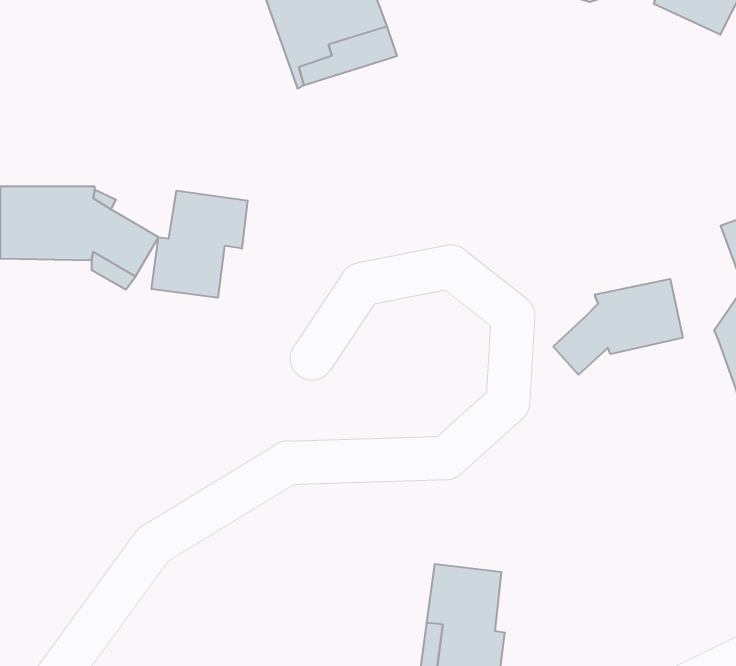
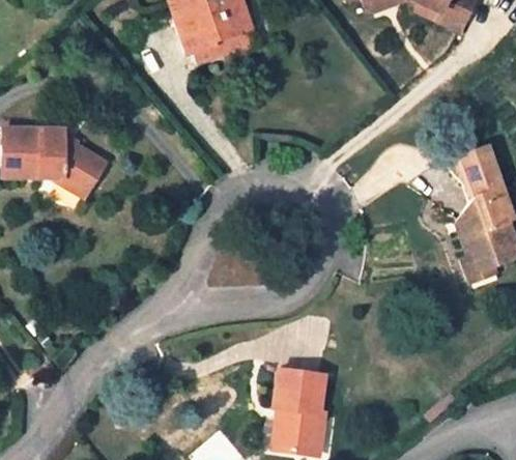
building: [152,191,248,298] -> none
building: [553,279,683,375] -> none

